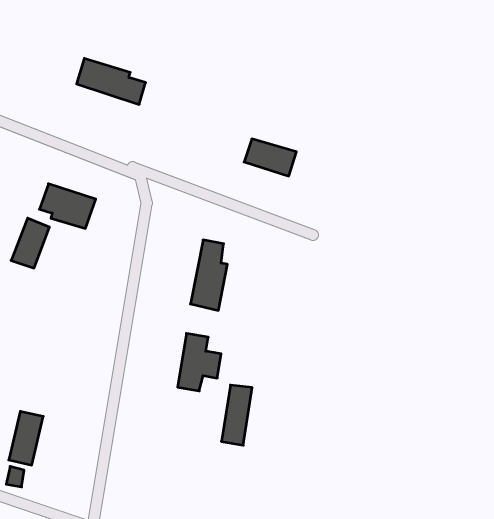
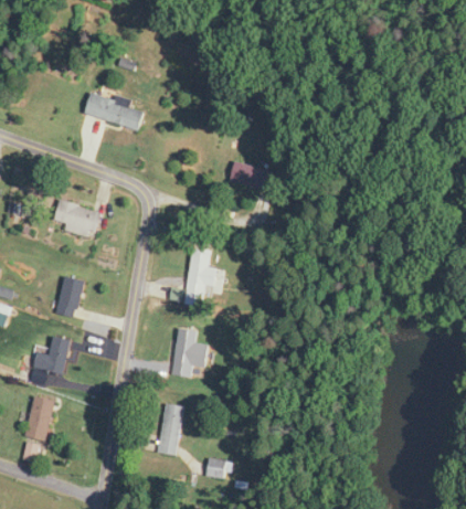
building: [11,218,49,268] -> [52,275,85,318]
building: none -> [34,337,68,373]
building: [221,385,252,445] -> [158,404,184,456]
building: none -> [204,457,232,480]

